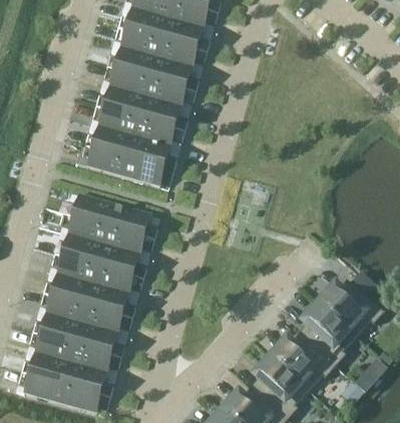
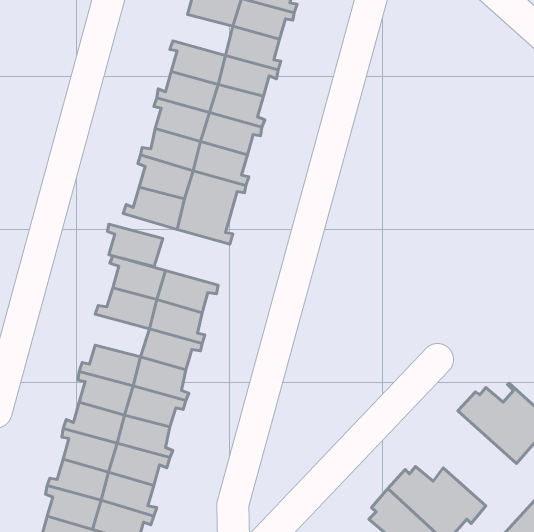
building: [120,27,161,55] -> none
building: [66,233,104,262] -> [107,224,163,266]
building: [303,299,356,364] -> none

